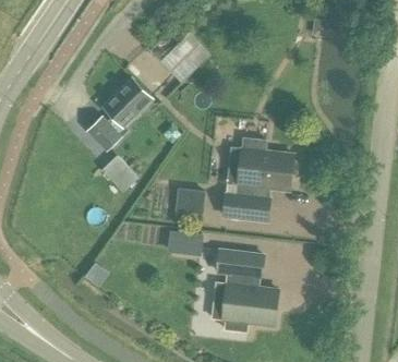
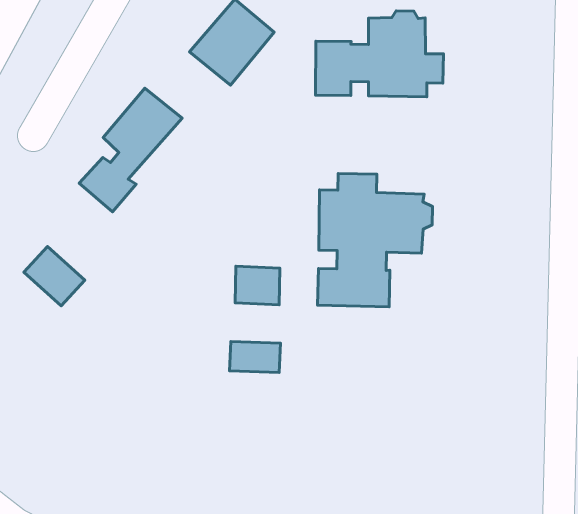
building: none -> [315,11,443,97]
building: [101,156,137,192] -> [24,247,85,306]
building: [212,250,278,331] -> none

